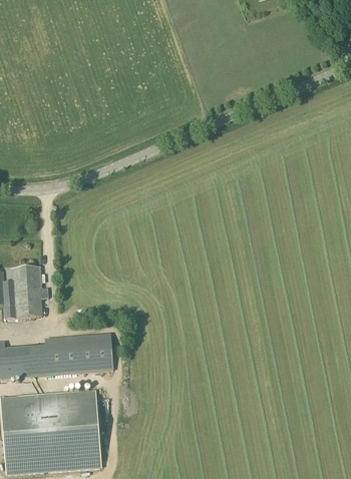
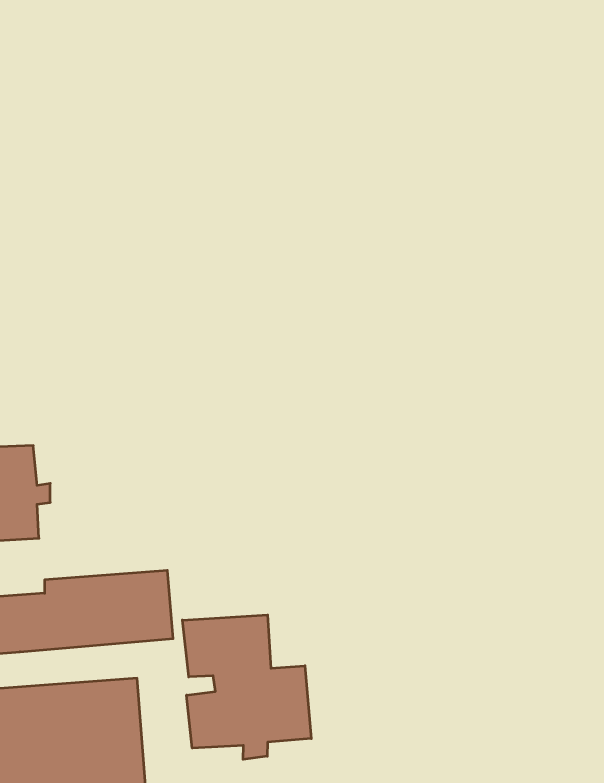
building: none -> [182,615,311,759]

